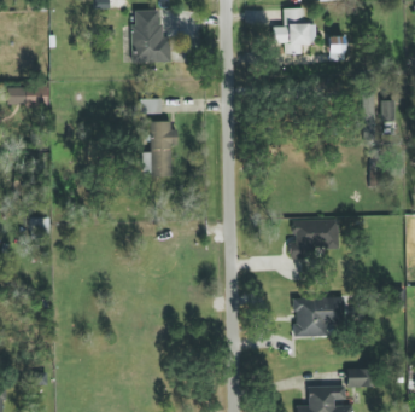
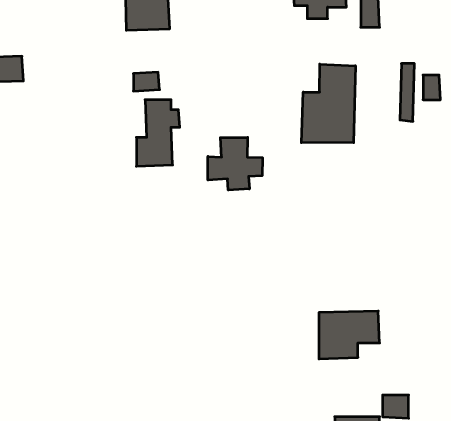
building: none -> [301,64,355,143]
building: none -> [208,137,262,190]
building: [291,219,339,257] -> none

